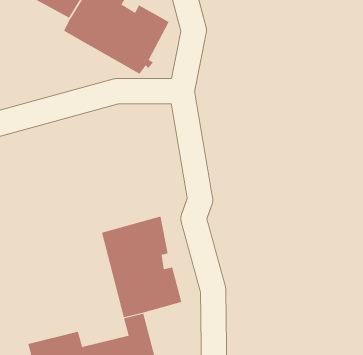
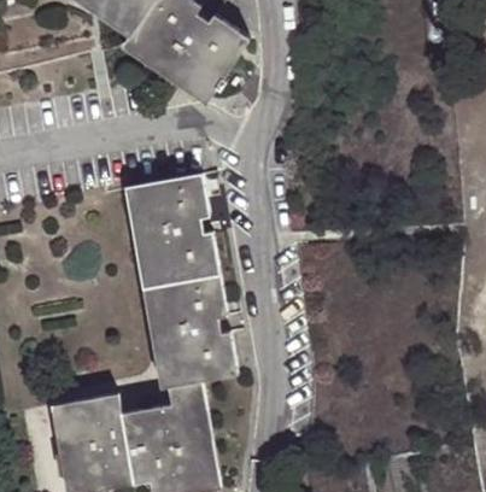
building: none -> [129,170,217,283]

